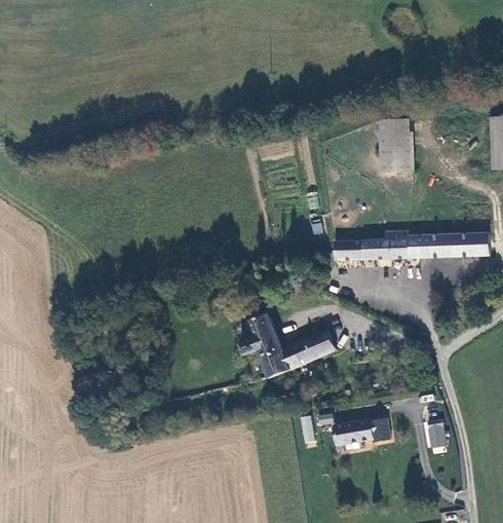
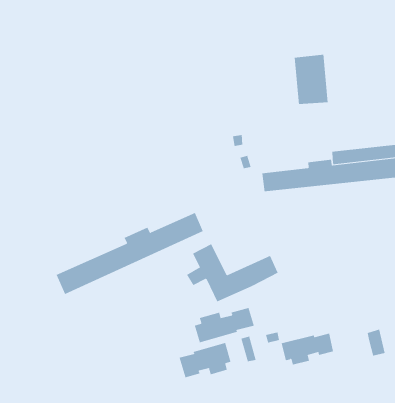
building: none -> [56,212,204,295]
building: none -> [194,307,254,343]
building: none -> [179,342,231,378]

